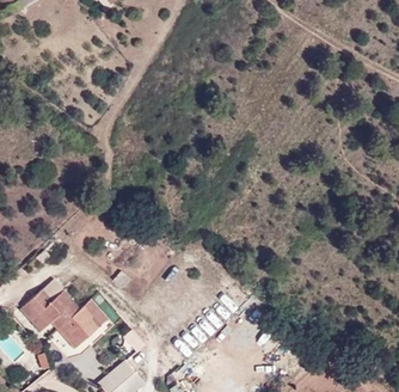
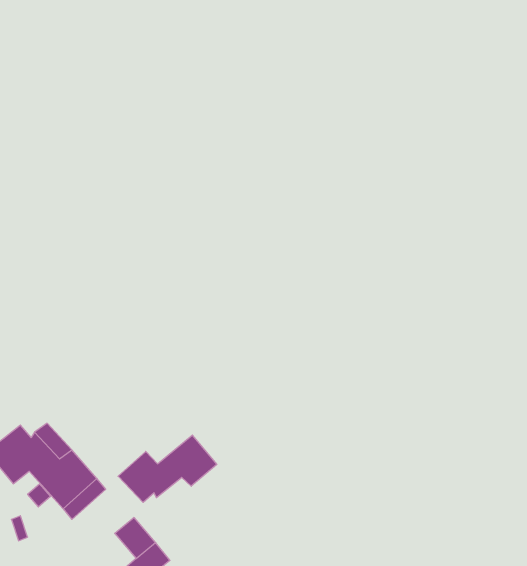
building: none -> [118,435,217,502]

